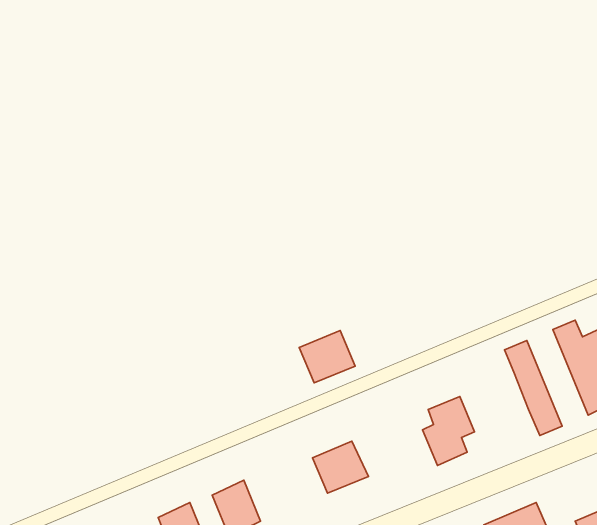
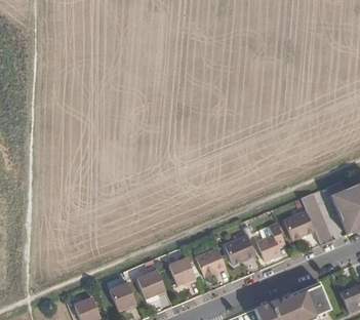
building: [299,331,355,383] -> [224,236,254,265]
building: none -> [283,210,314,241]
building: none -> [168,257,196,285]

